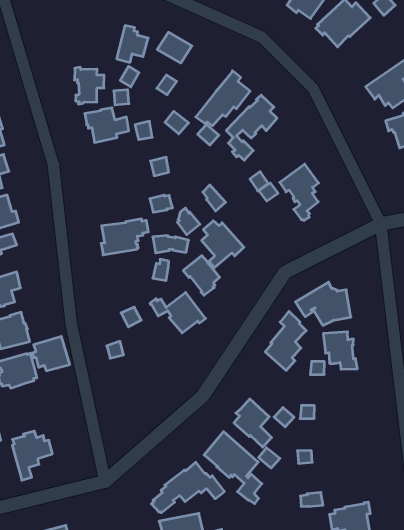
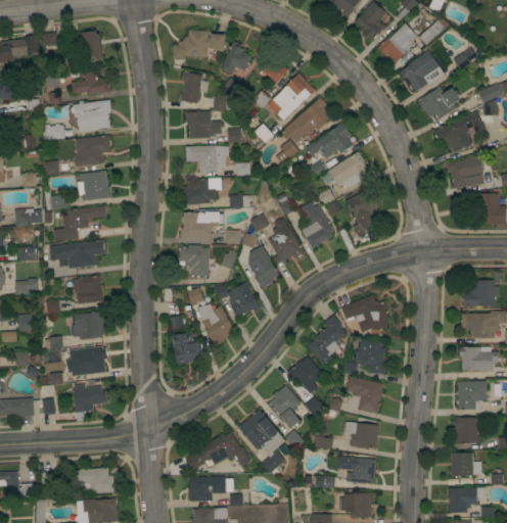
building: none -> [172,31,225,60]
building: none -> [417,87,459,120]
building: none -> [267,74,315,121]
building: none -> [319,152,367,188]
building: none -> [185,146,228,173]
building: none -> [183,179,221,205]
building: none -> [299,202,333,248]
building: none -> [179,245,214,277]
building: none -> [201,306,233,347]
building: [33,336,70,371] -> [75,347,105,375]
building: none -> [171,333,203,365]
building: none -> [286,356,323,394]
building: none -> [344,377,382,414]
building: none -> [344,422,378,448]
building: none -> [336,457,375,484]

